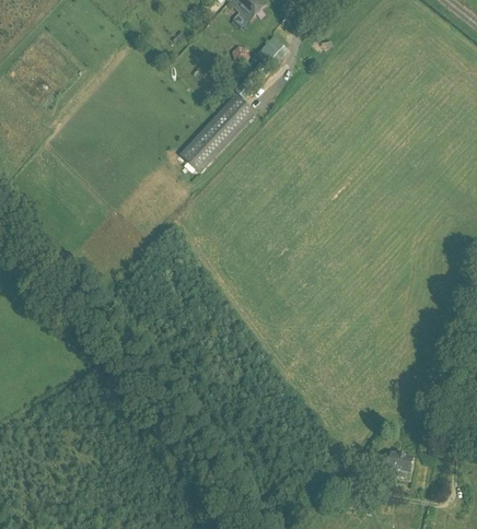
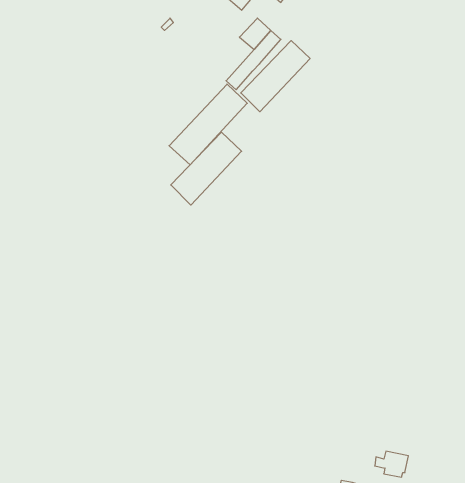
building: none -> [241,41,310,112]
building: none -> [171,132,242,205]

